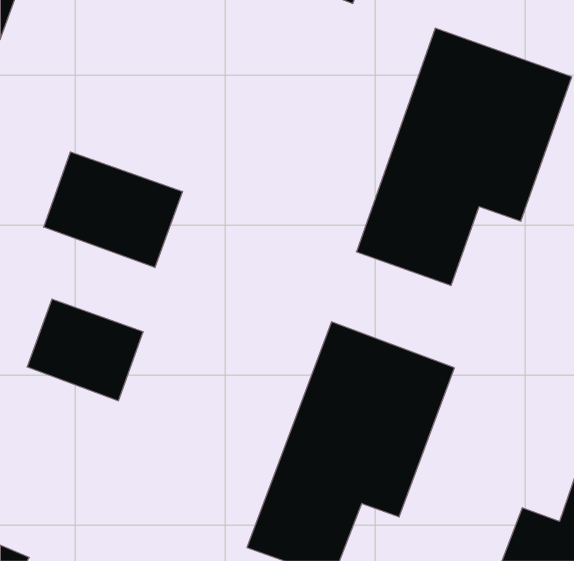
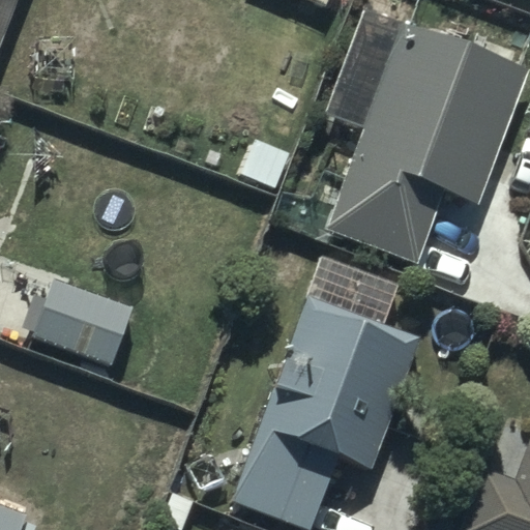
building: [44,152,182,268] -> none

